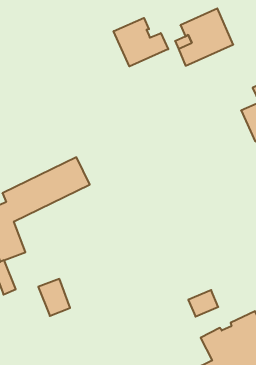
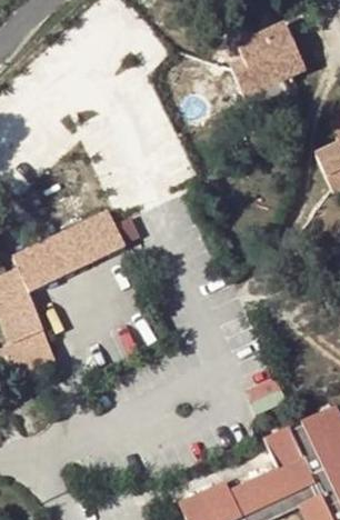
building: [114,18,168,66] -> none
building: [38,279,70,316] -> [16,331,56,378]

